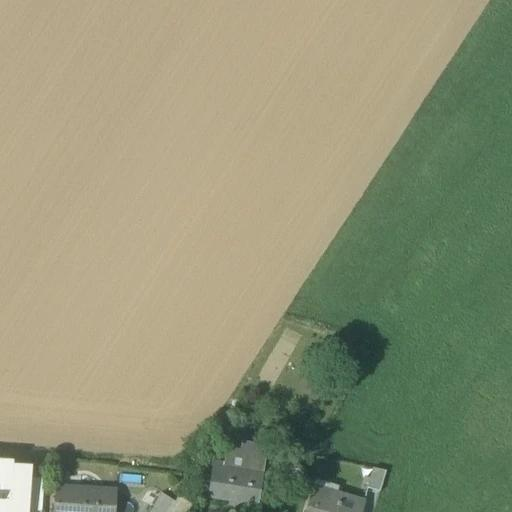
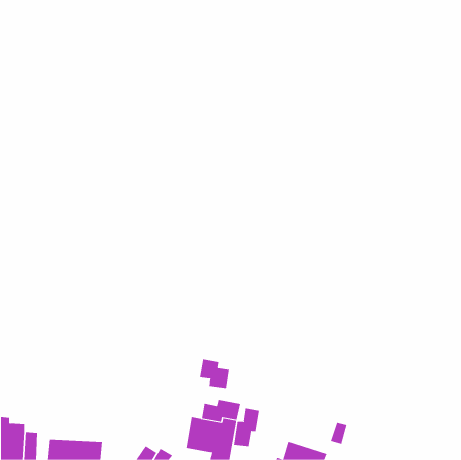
building: none -> [200,359,230,389]
building: none -> [233,408,260,447]

